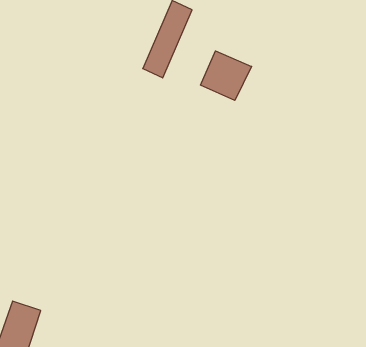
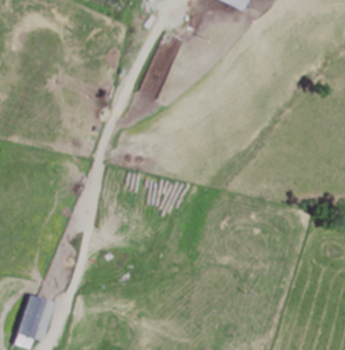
building: [201,51,252,100] -> none

